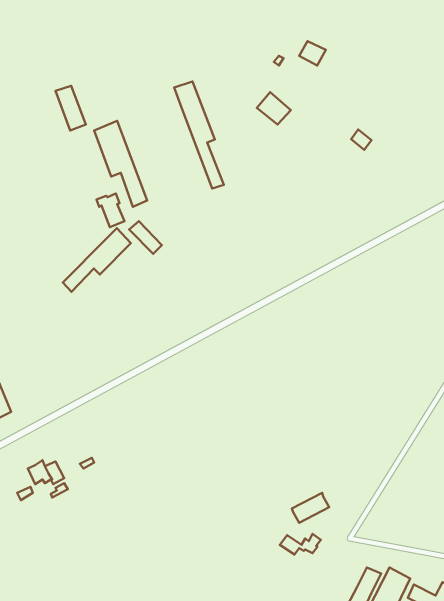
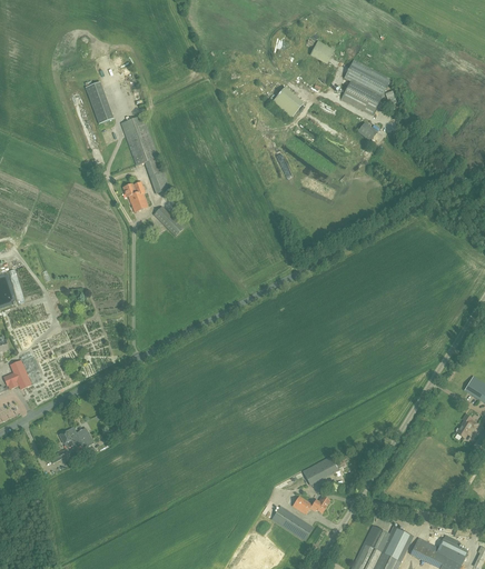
building: none -> [340,60,390,114]
building: [174,82,224,188] -> none
building: [63,228,131,292] -> none
building: none -> [270,505,311,540]

